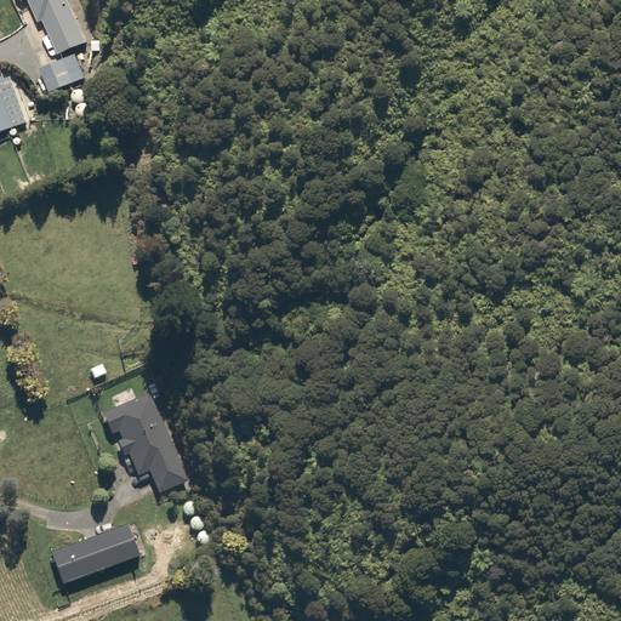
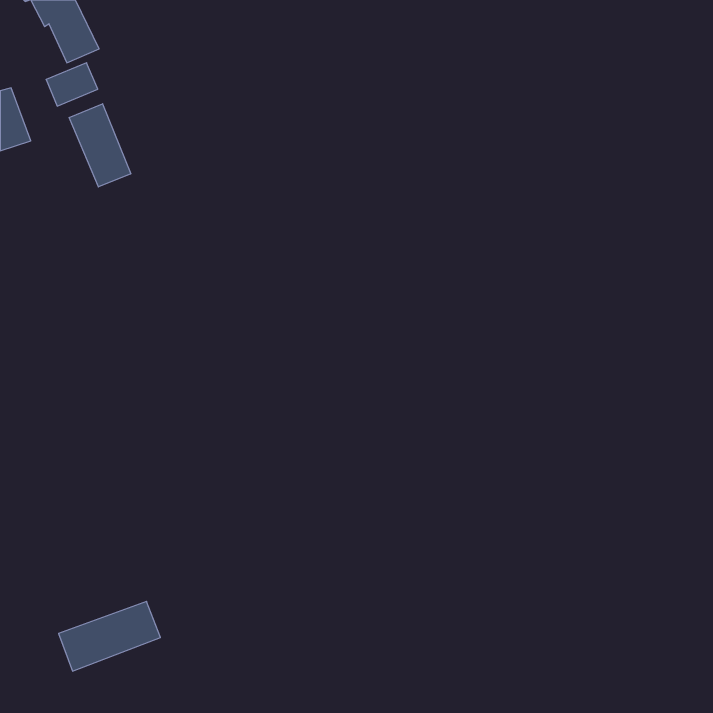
building: none -> [69,104,131,187]
building: [102,391,188,492] -> none

